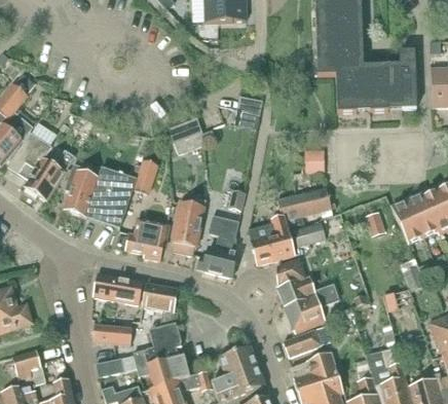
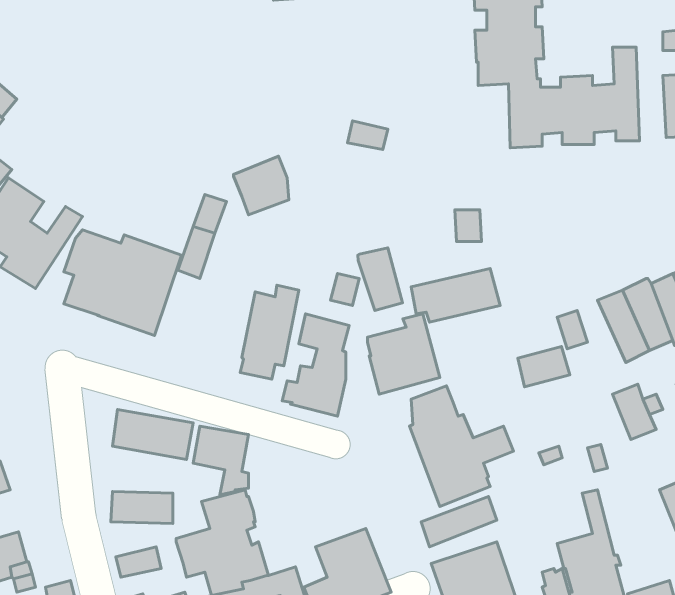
building: none -> [358,248,402,310]
building: [126,216,167,259] -> none
building: [293,221,325,246] -> [518,346,570,387]

